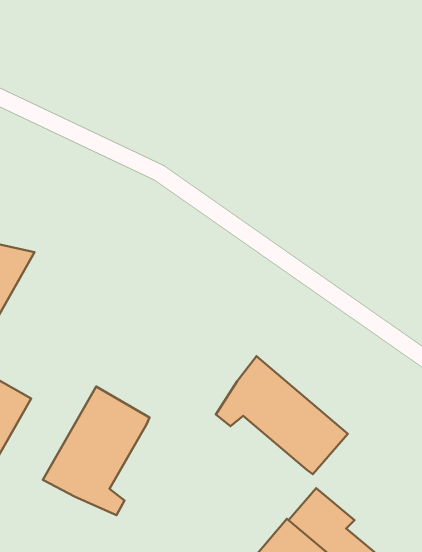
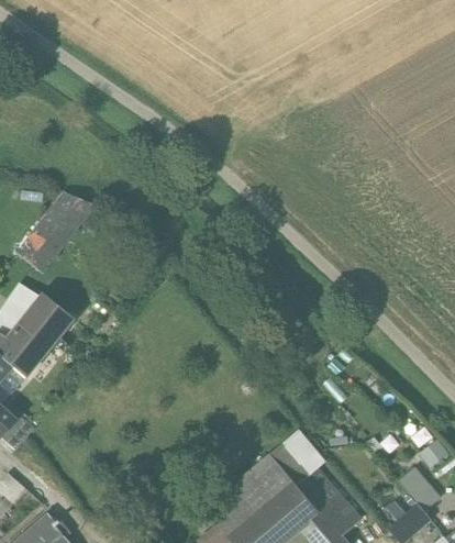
building: [216,356,348,474] -> none
building: [43,387,150,515] -> none

